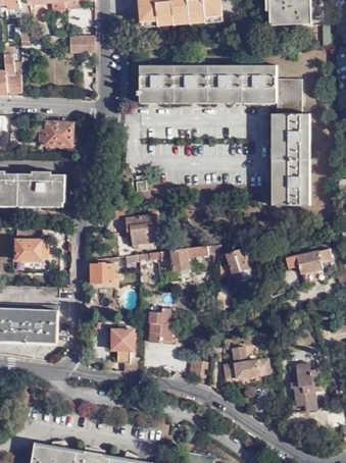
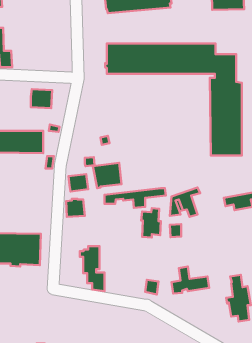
building: [68,34,94,52] -> none
building: none -> [69,174,88,191]
building: [15,229,47,261] -> none
building: [148,309,172,346] -> [141,208,161,238]

